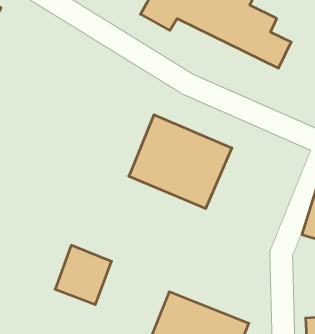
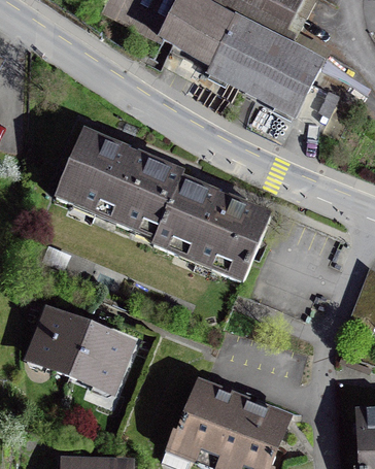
building: none -> [53,127,185,242]
building: none -> [26,310,87,376]

